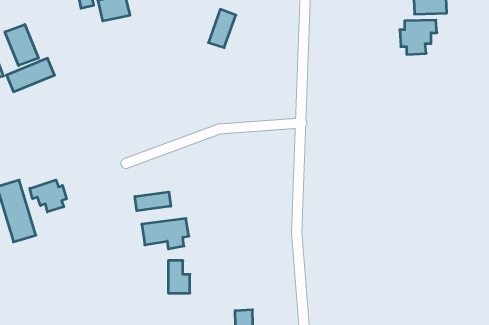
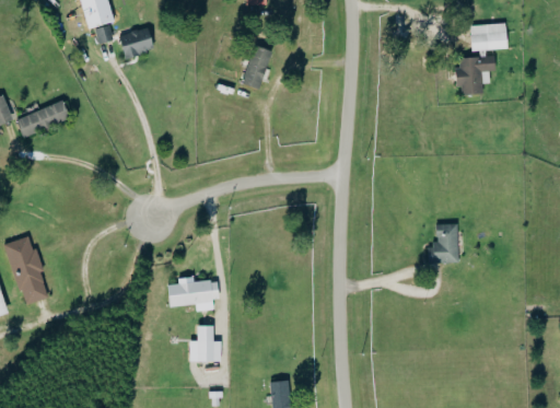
building: [5,24,38,66] -> none
building: none -> [427,222,458,263]
building: [30,180,66,212] -> none
building: [135,192,171,211] -> none

